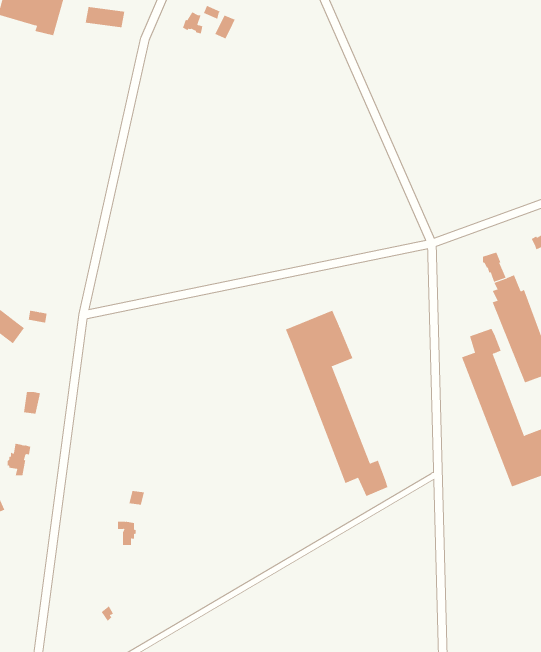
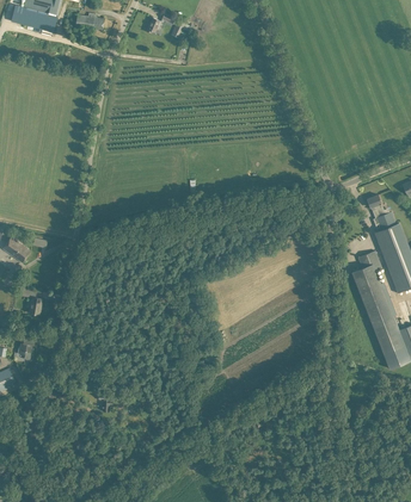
building: [285,310,388,497] -> none

